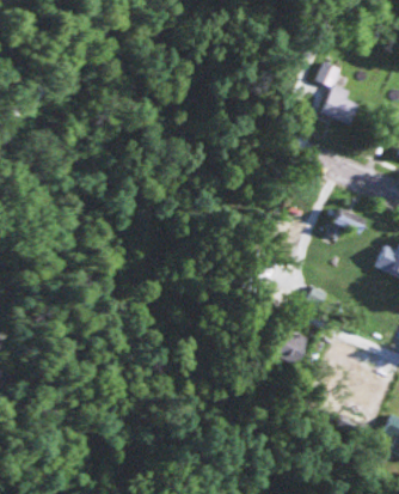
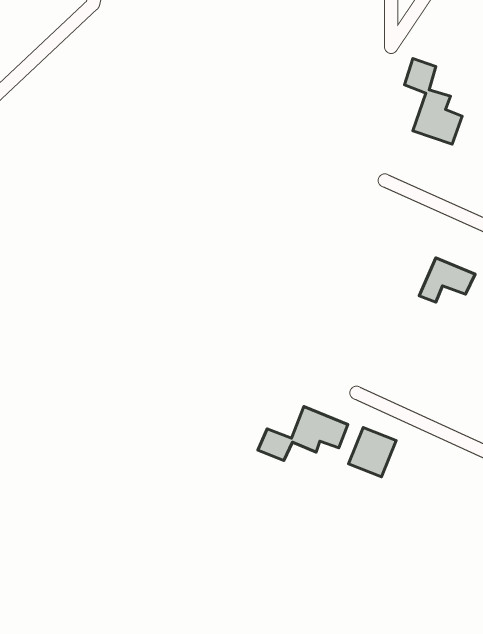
building: none -> [258,407,348,460]

